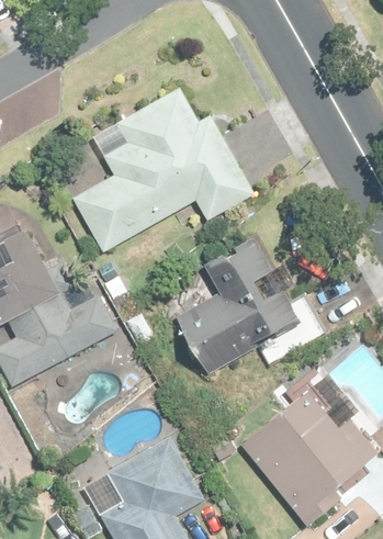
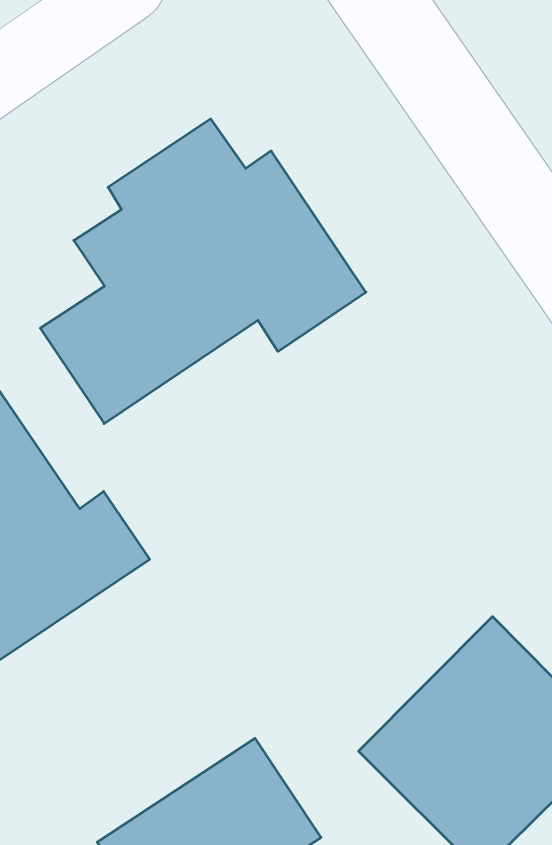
building: [173,234,311,378] -> none

